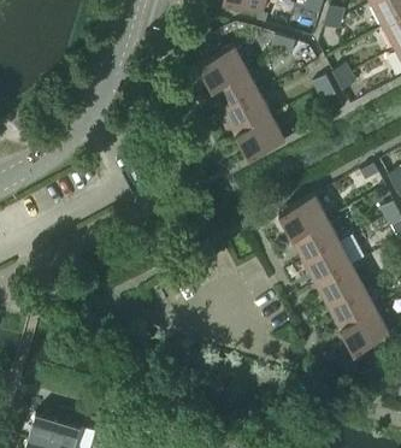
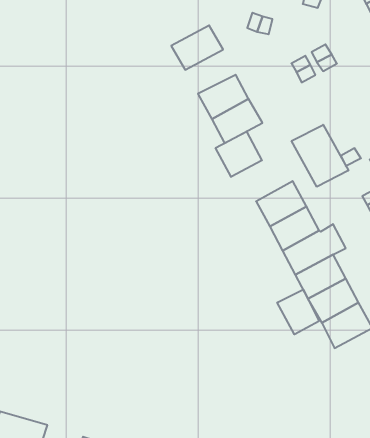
building: [212,71,260,113] -> none
building: none -> [292,125,348,187]
building: none -> [216,131,262,177]
building: none -> [277,290,319,334]

